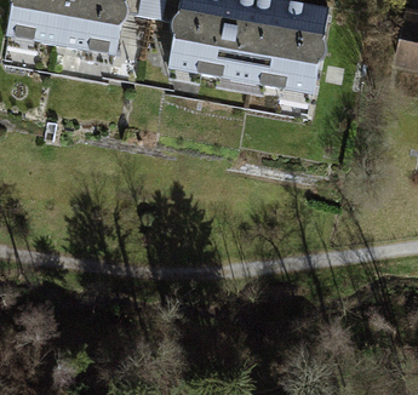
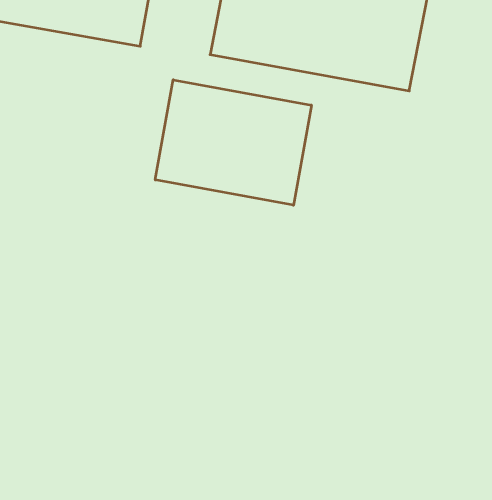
building: none -> [155,80,311,205]

